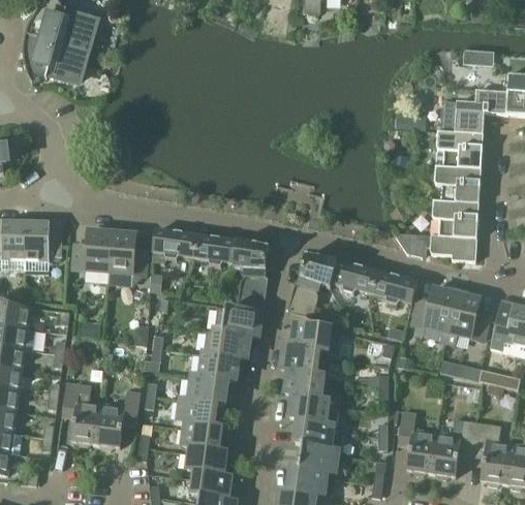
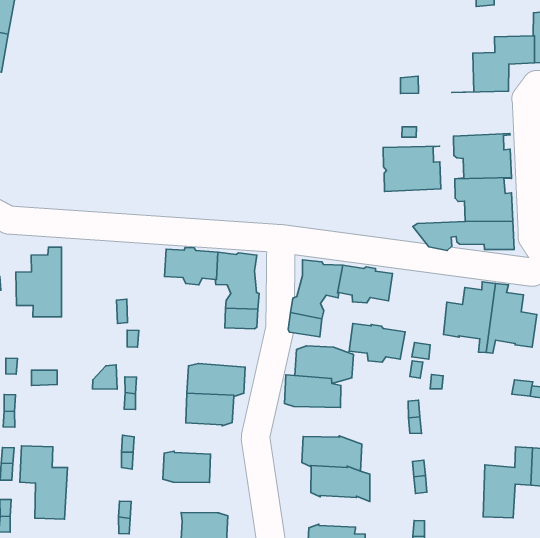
building: [435,131,483,168] -> [383,146,441,191]
building: [107,226,147,284] -> none
building: [151,229,196,261] -> none
building: [371,272,418,305] -> [349,324,405,362]
building: [214,307,261,336] -> none
building: [284,371,325,399] -> none
building: [188,375,228,403] -> none
building: [95,390,141,447] -> none
building: [398,411,436,473] -> none
building: [182,422,221,454] -> none
building: [299,444,339,473] -> none

